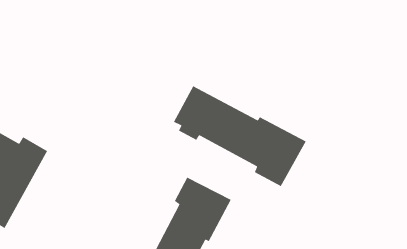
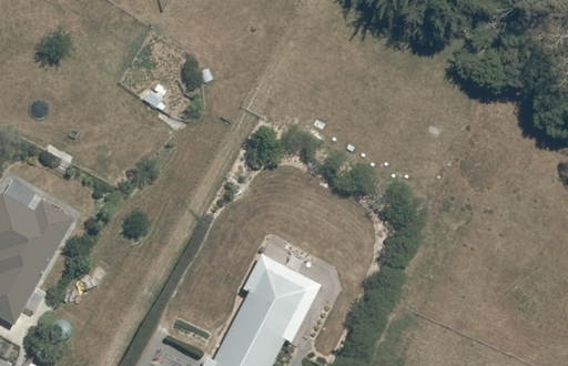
building: [173,85,307,187] -> none

